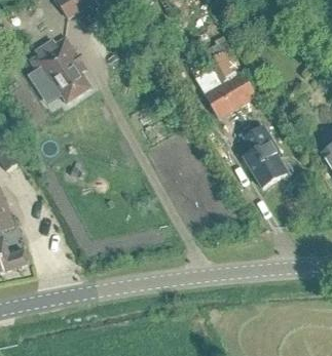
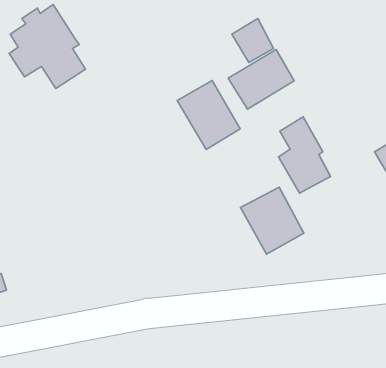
building: none -> [177,81,240,149]
building: none -> [240,187,304,254]

